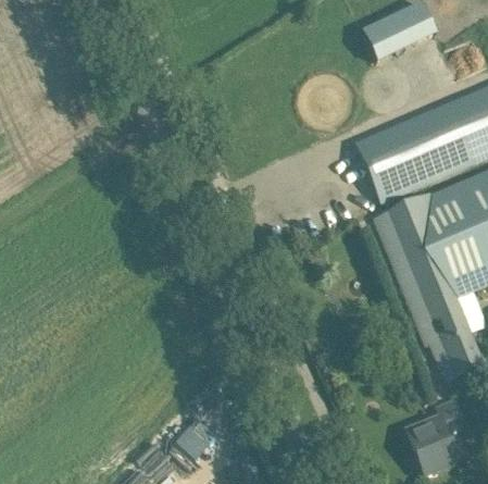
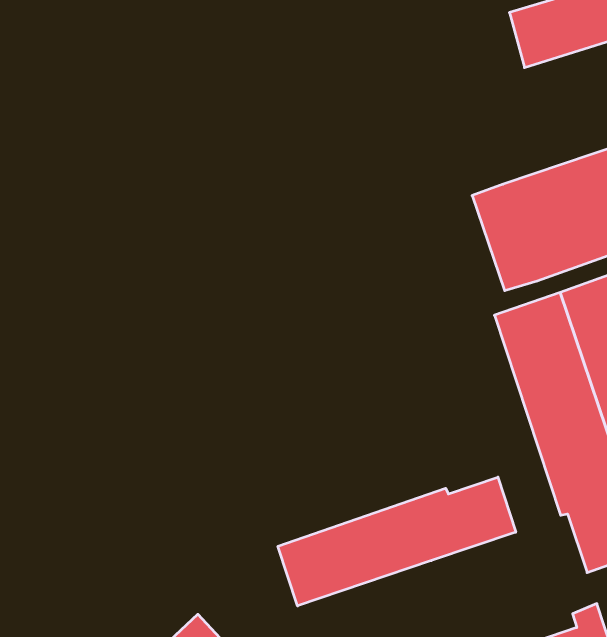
building: none -> [278,477,516,606]

